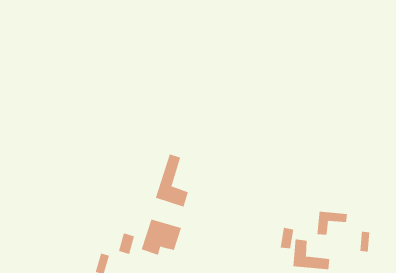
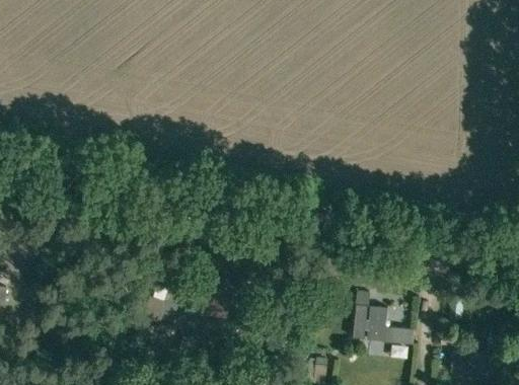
building: [155,153,188,207] -> none
building: [317,211,348,235] -> none

